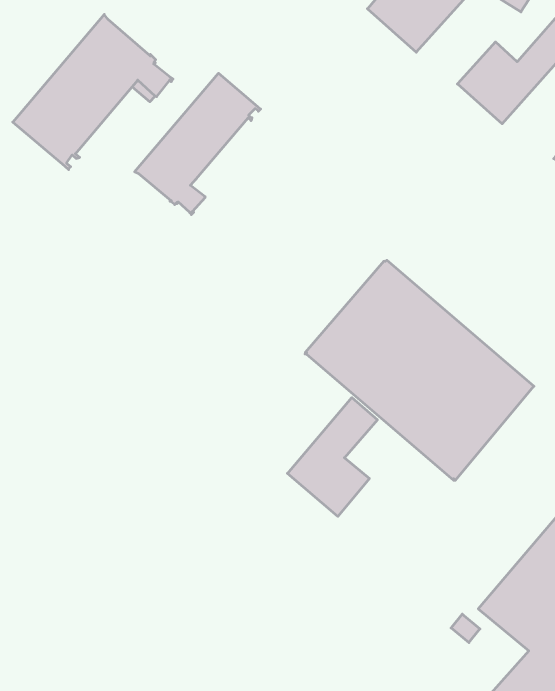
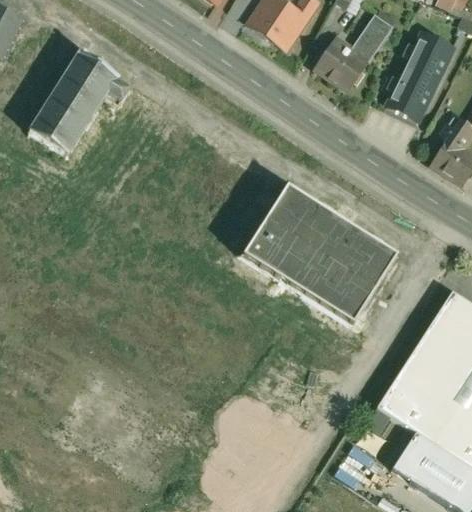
building: [135,73,261,215] -> none
building: [287,398,377,516] -> none

